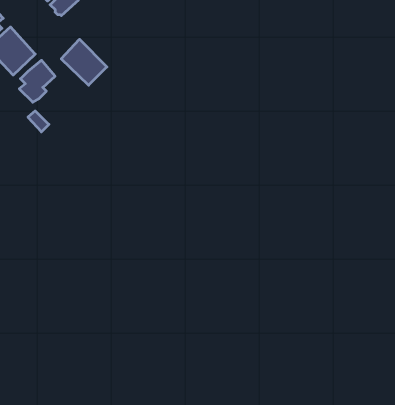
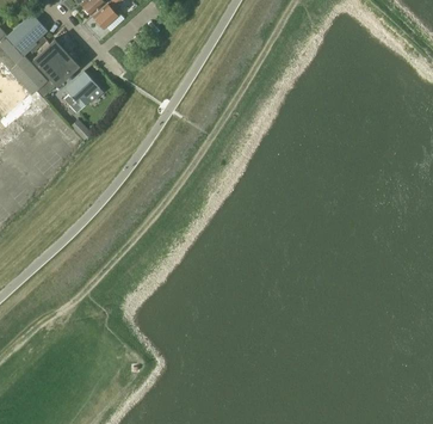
building: [61,39,107,85] -> none

